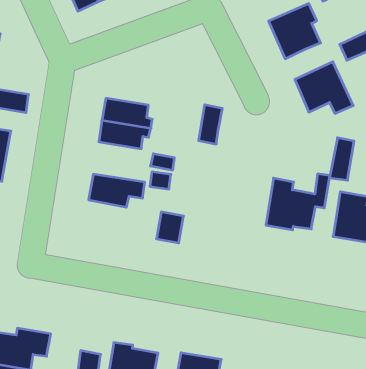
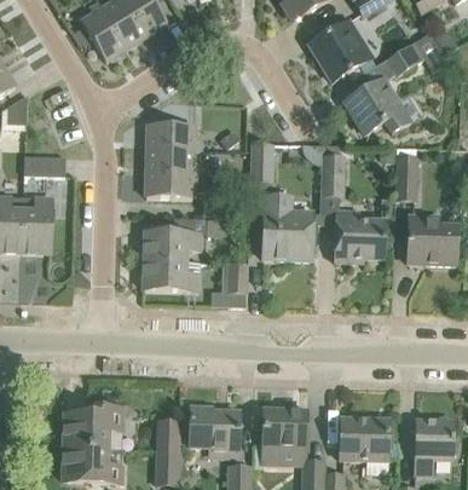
building: none -> [148,123,200,150]
building: none -> [323,156,342,196]
building: none -> [262,196,312,260]
building: none -> [144,259,200,290]

